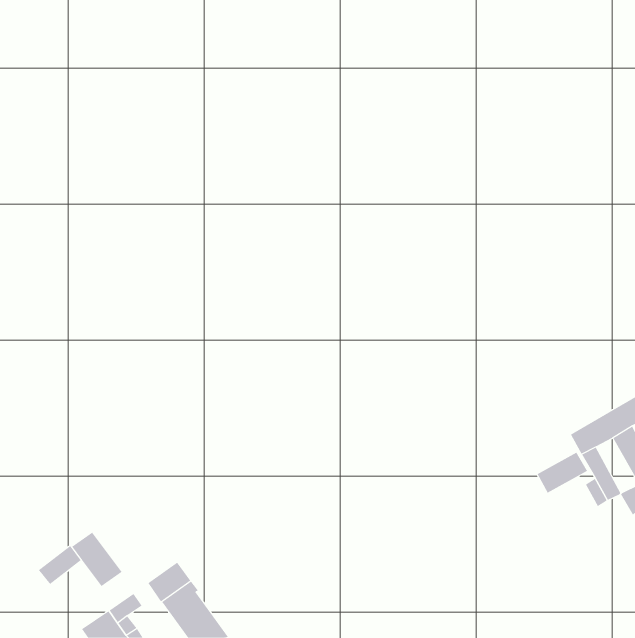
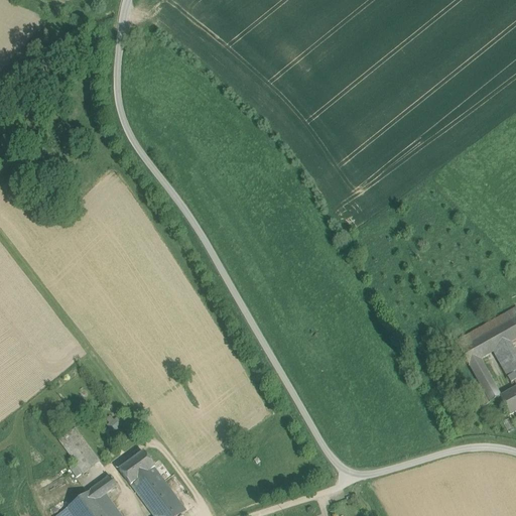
building: [537,452,588,494] -> none
building: [37,545,82,585] -> none

